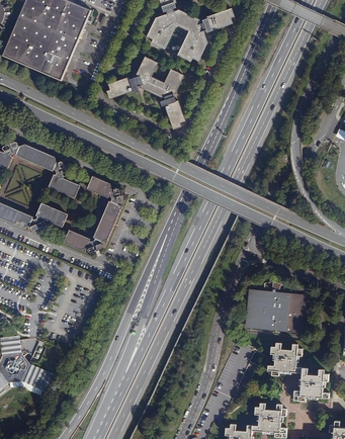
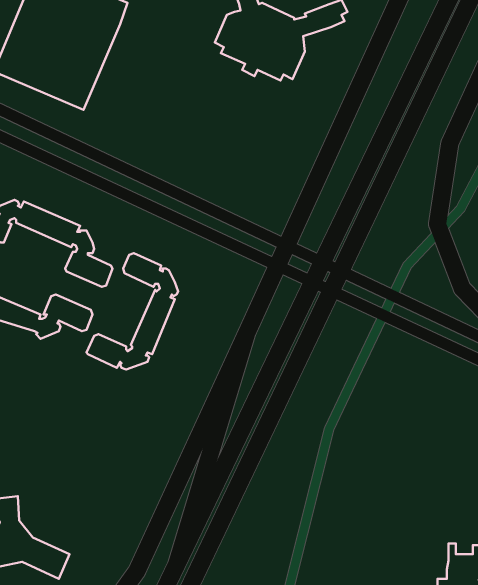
building: [108,57,187,129] -> none
building: [243,281,304,334] -> none
building: [268,344,303,376] -> none

